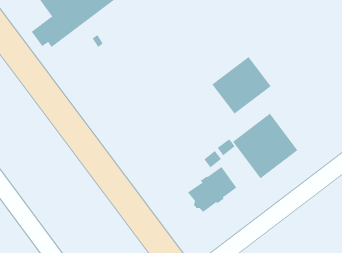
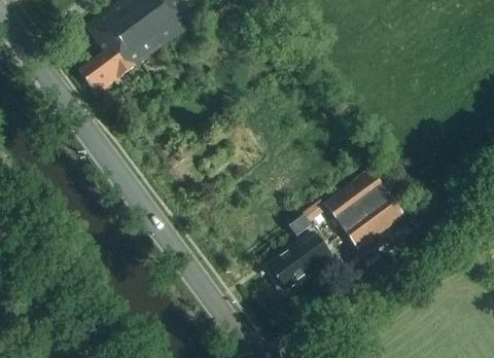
building: [211,56,271,114] -> none

